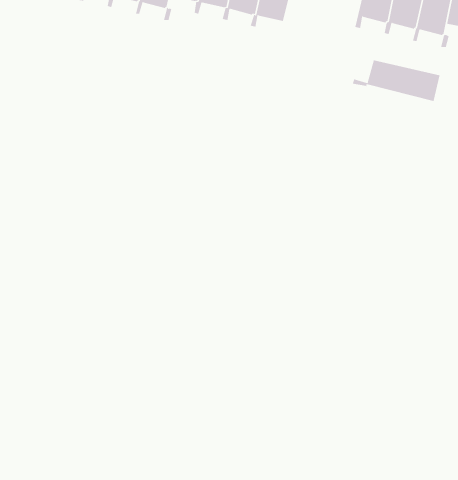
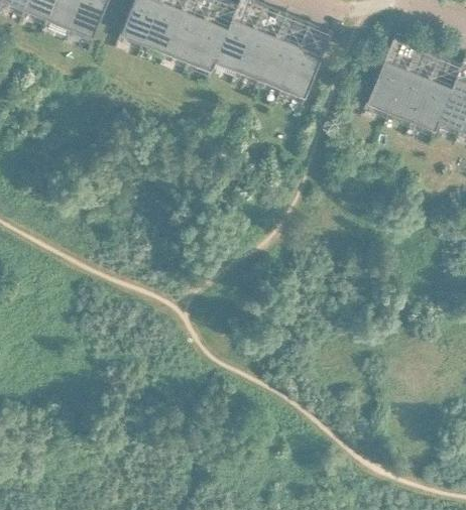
building: [352,60,440,102] -> none

